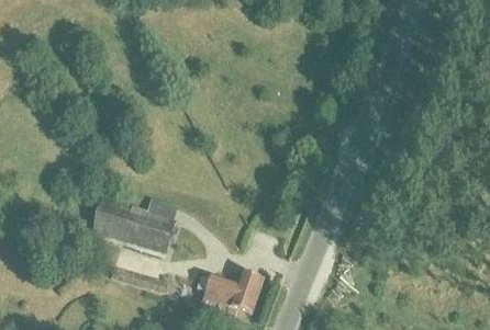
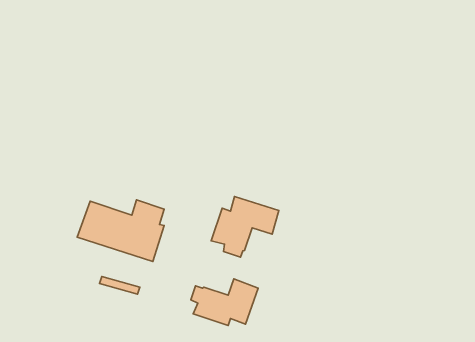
building: none -> [211,196,279,257]

